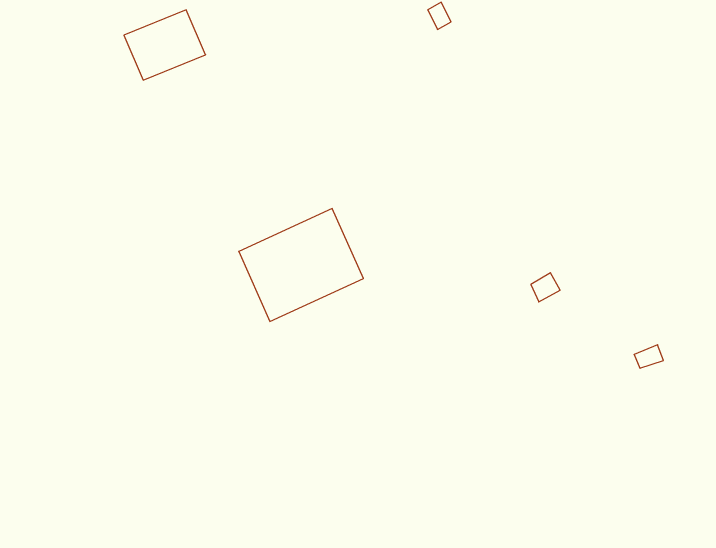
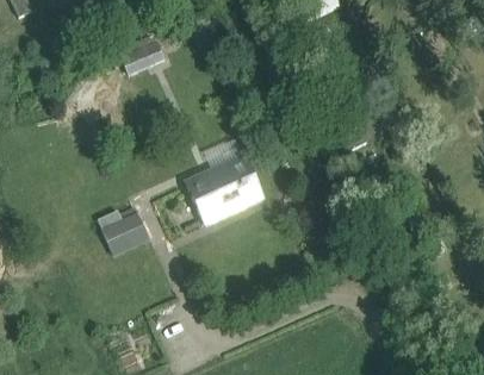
building: none -> [97,206,148,252]

